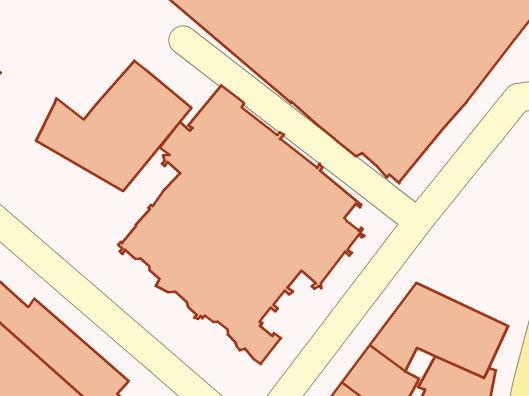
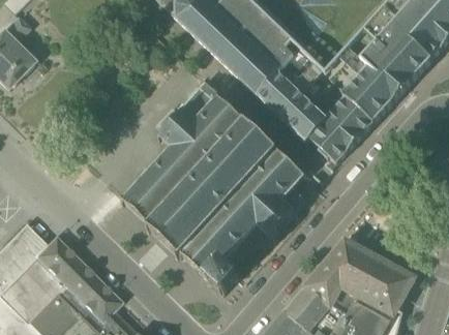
building: [36,61,191,191] -> none

